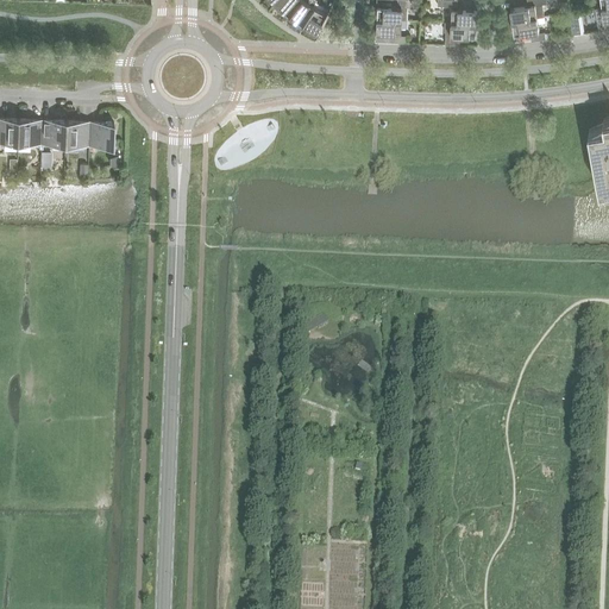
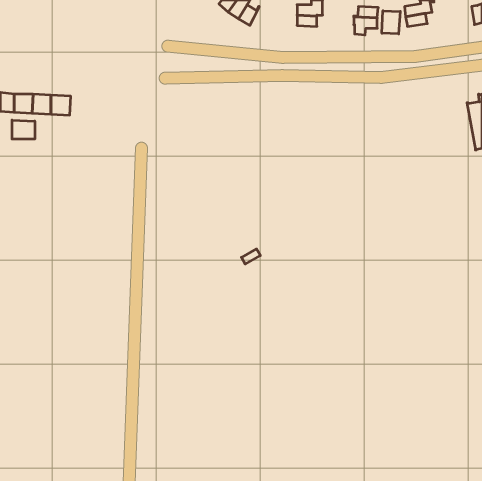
building: none -> [382,11,400,34]
building: [88,123,113,146] -> none
building: none -> [12,120,35,139]

